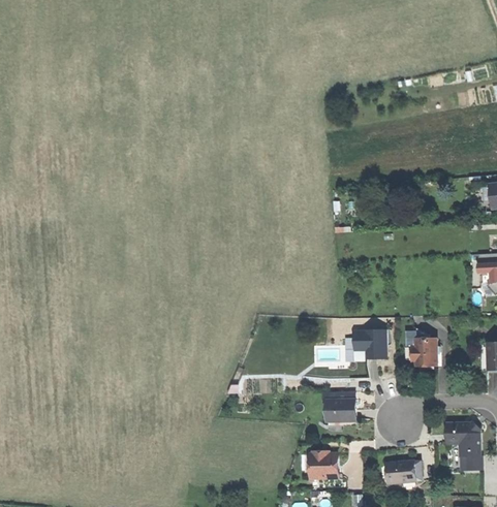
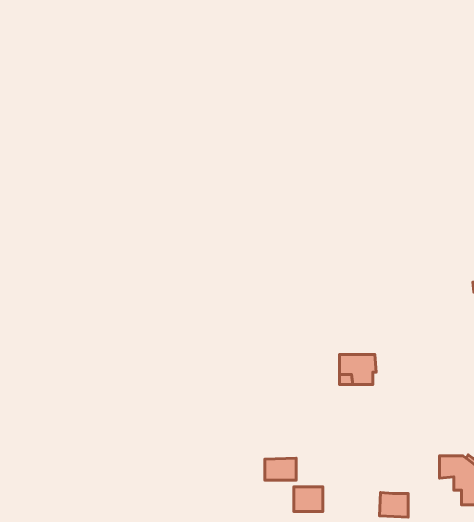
building: [410,339,435,363] -> none
building: [324,400,353,420] -> [265,458,296,480]

